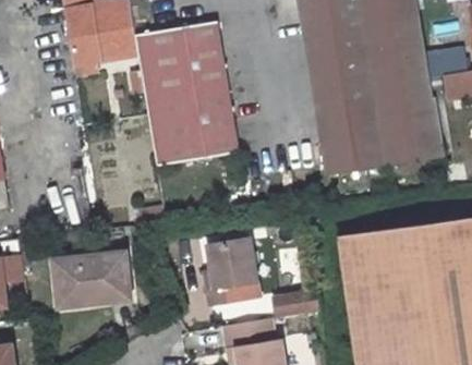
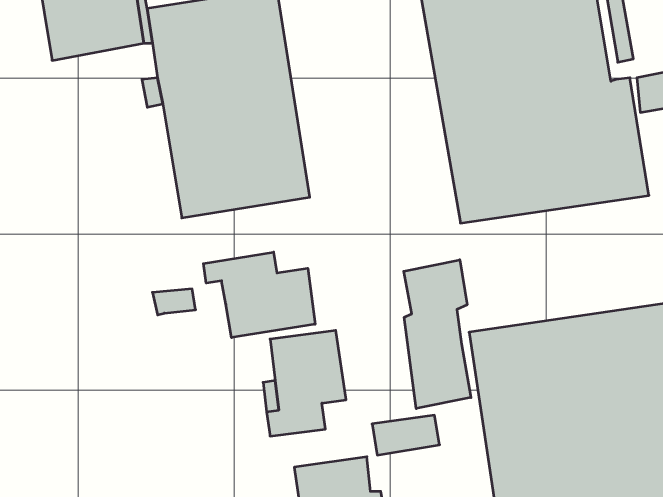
building: none -> [203,252,315,338]
building: none -> [404,260,471,409]
building: [51,254,129,311] -> none

